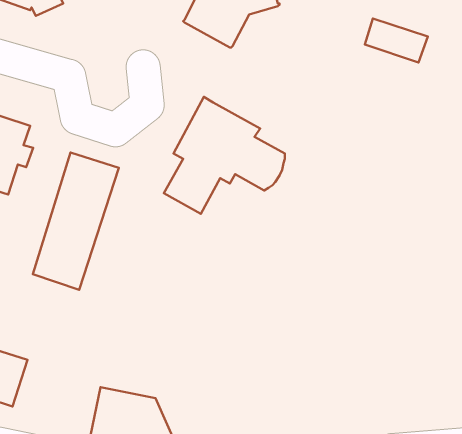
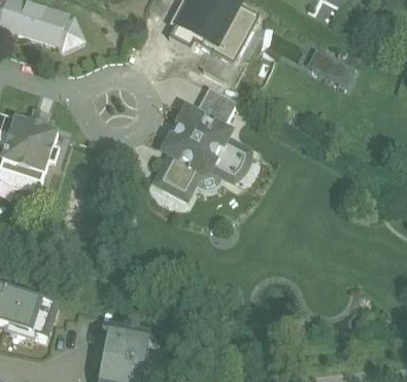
building: none -> [195,85,237,128]
building: [33,153,119,290] -> none

